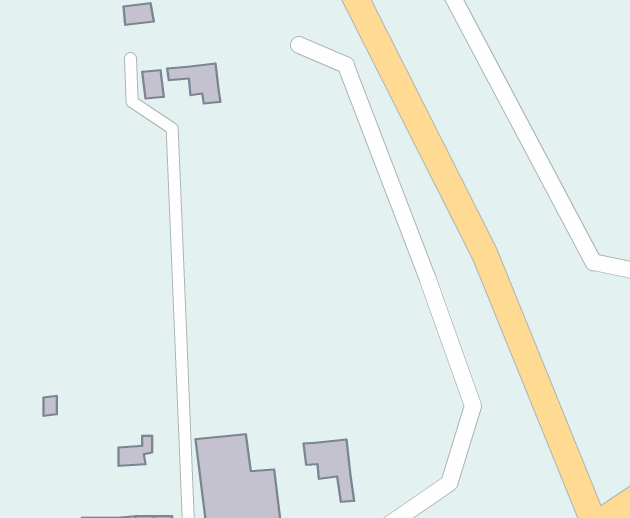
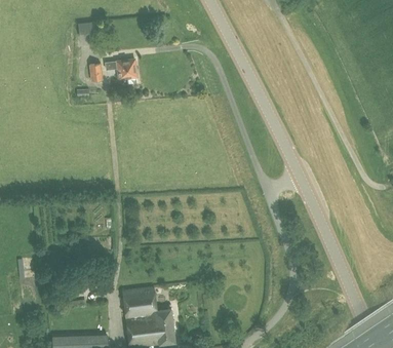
building: [303,440,354,502] -> none

